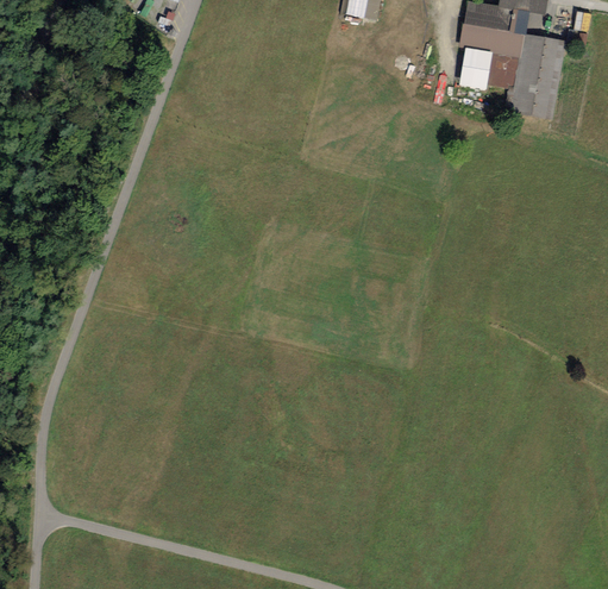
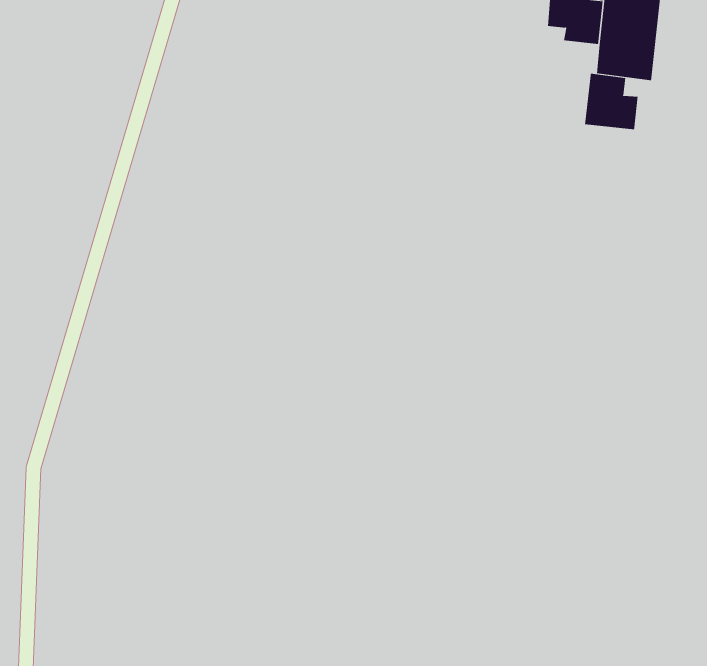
building: none -> [585,73,638,130]

